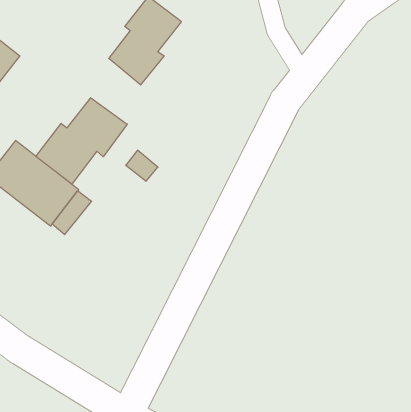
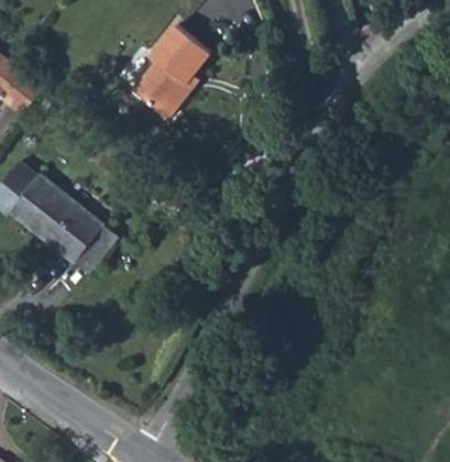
building: [36,98,127,184] -> none

